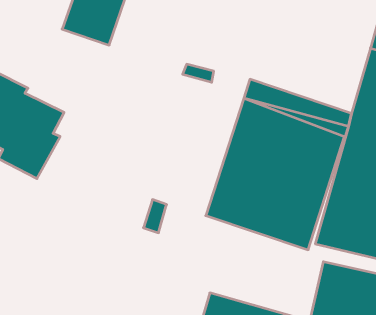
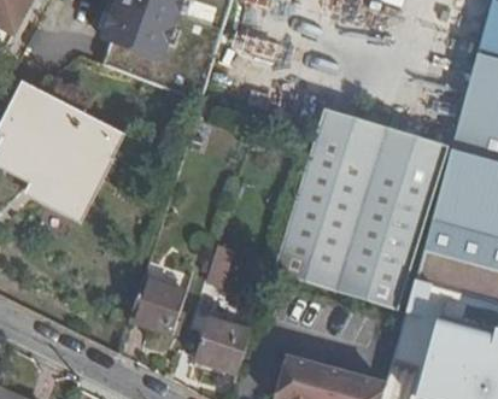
building: none -> [128,278,184,334]
building: none -> [198,316,253,370]

